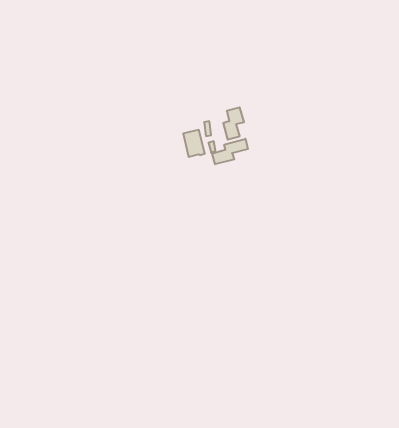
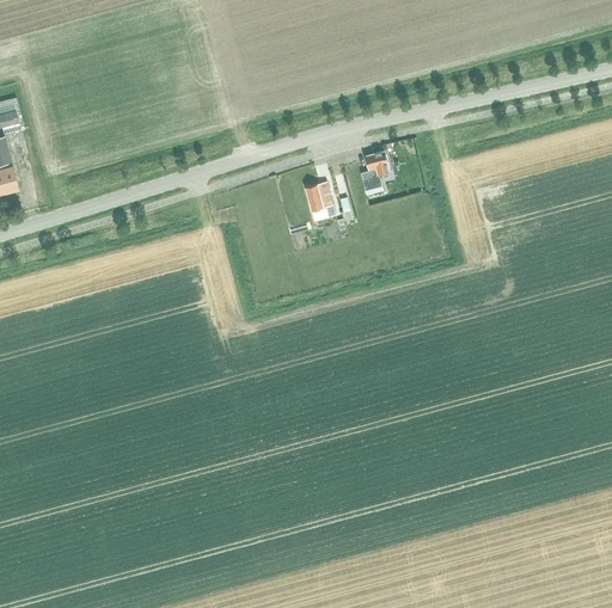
building: [212,139,248,164] -> none

